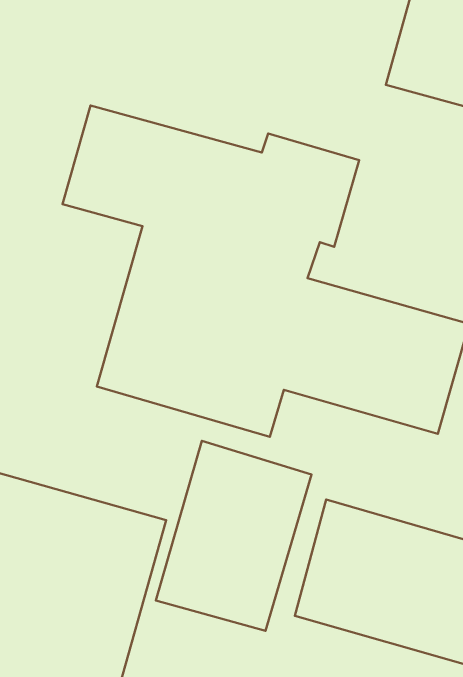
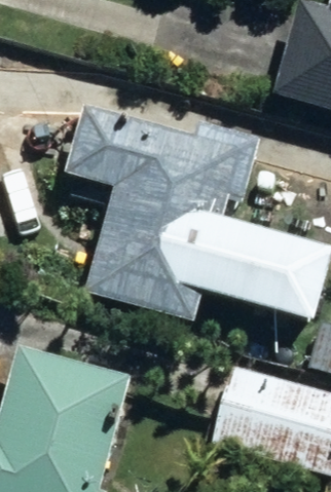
building: [156,441,311,631] -> none

